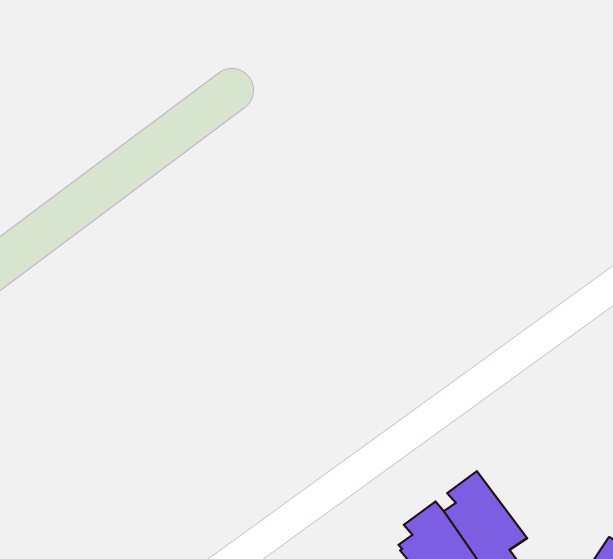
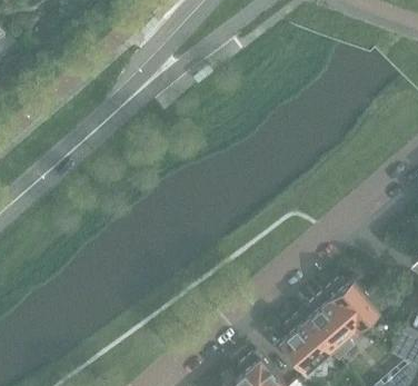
building: none -> [322,280,378,333]

